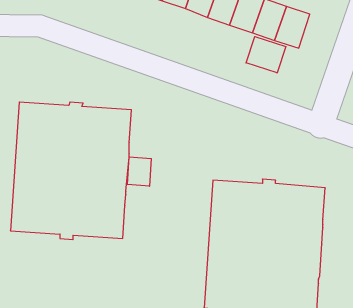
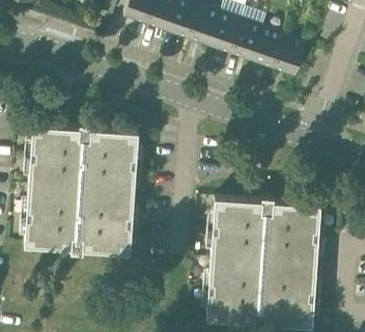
building: [246,37,286,73] -> none
building: [127,157,151,186] -> none

